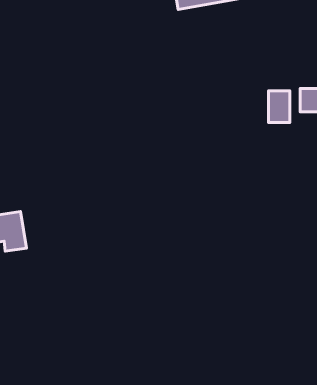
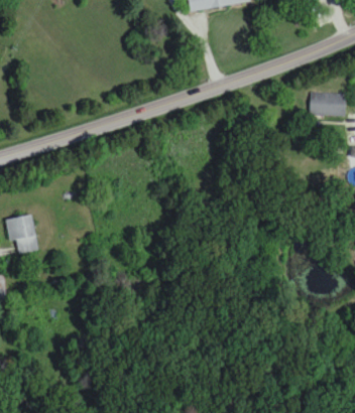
building: [269,91,290,123] -> none

